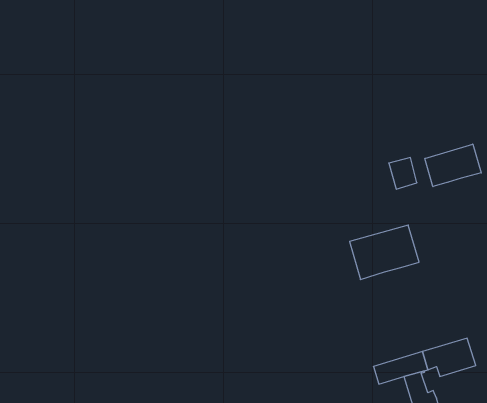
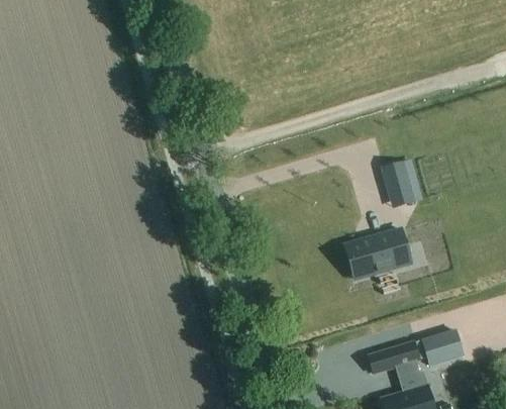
building: [425,144,481,187] -> none

